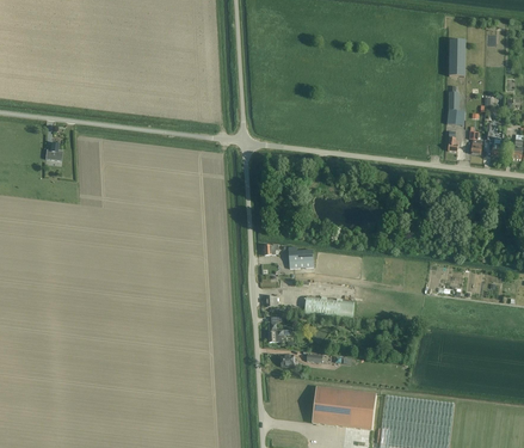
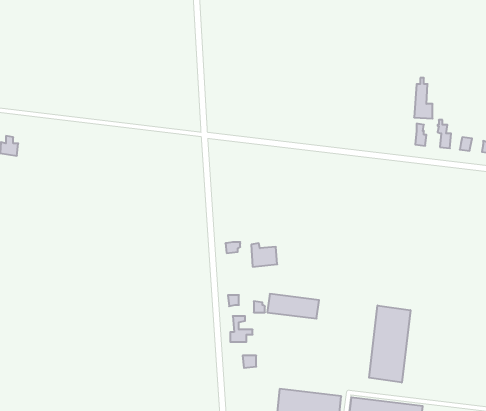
building: [449,38,466,75] -> none
building: none -> [369,305,410,383]

